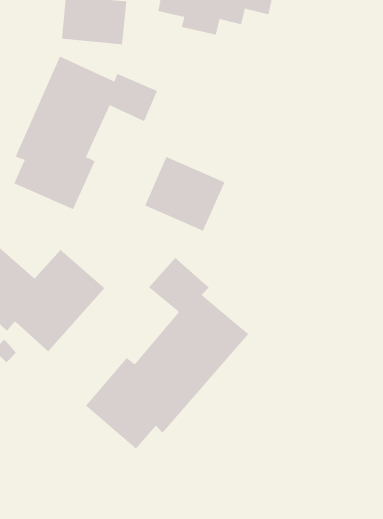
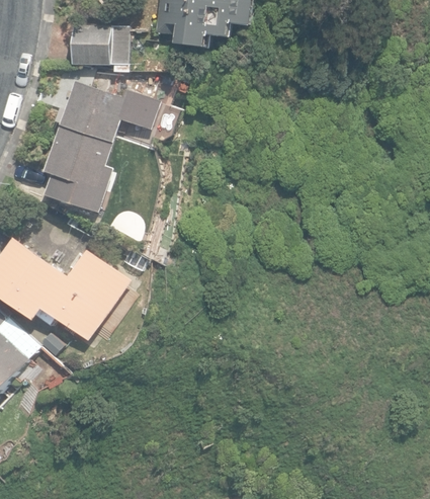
building: [144,156,225,232] -> none
building: [85,257,249,450] -> none

